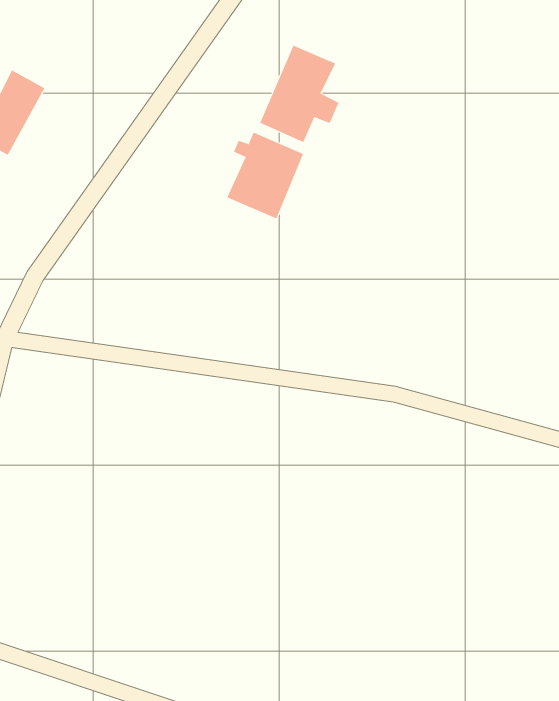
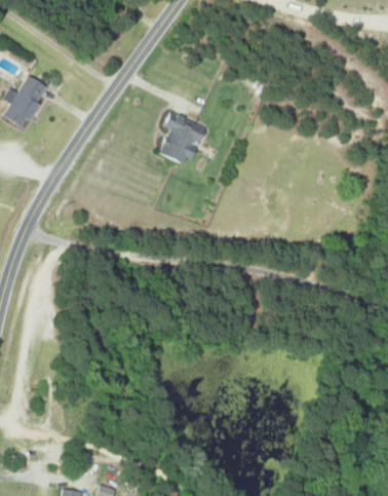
building: [260,45,339,143] -> none

